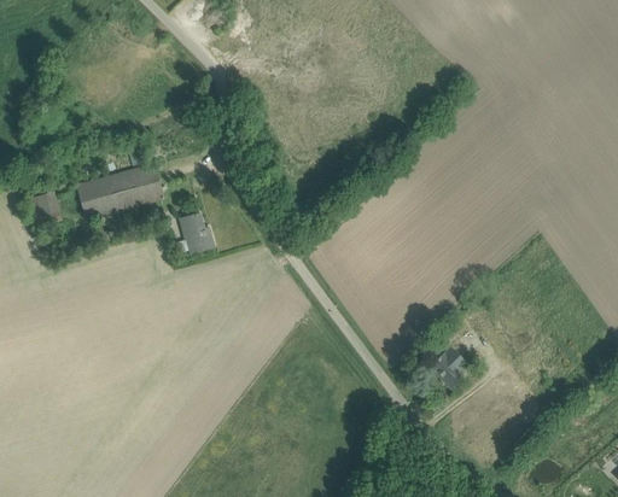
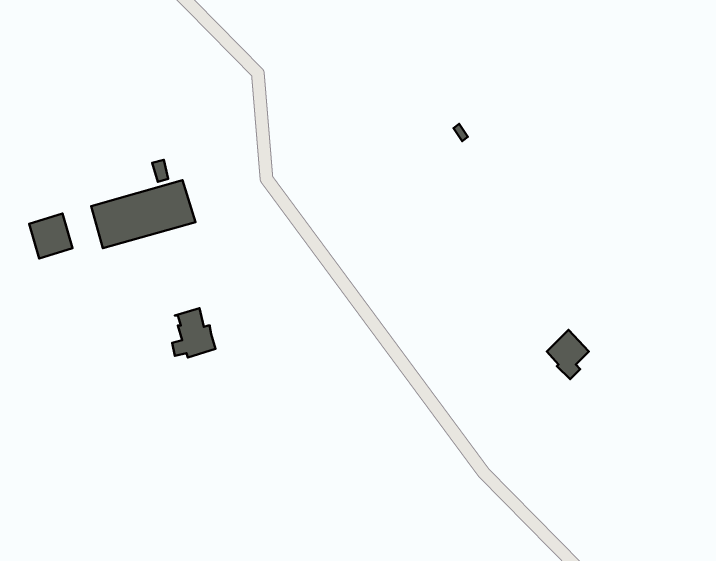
building: [177,212,214,253] -> [172,308,215,357]
building: [432,346,467,387] -> [547,330,589,379]

